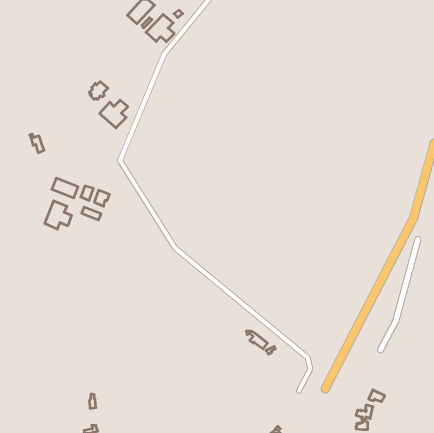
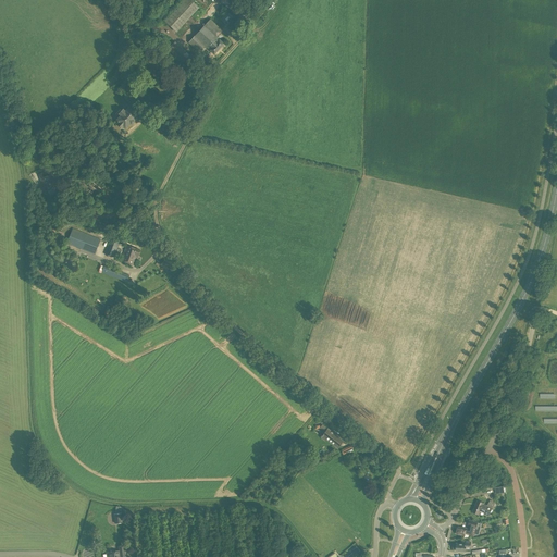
building: [100,100,127,128] -> none
building: [45,201,71,229] -> none

